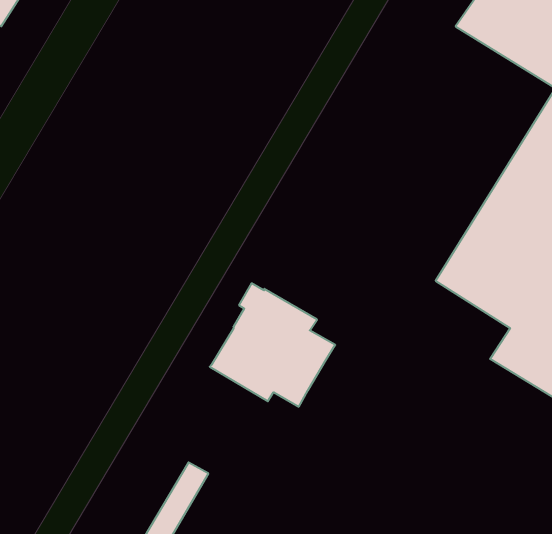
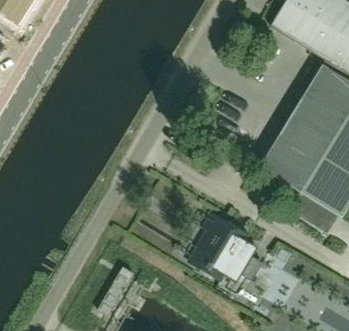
building: [210,283,335,407] -> [189,216,258,284]

